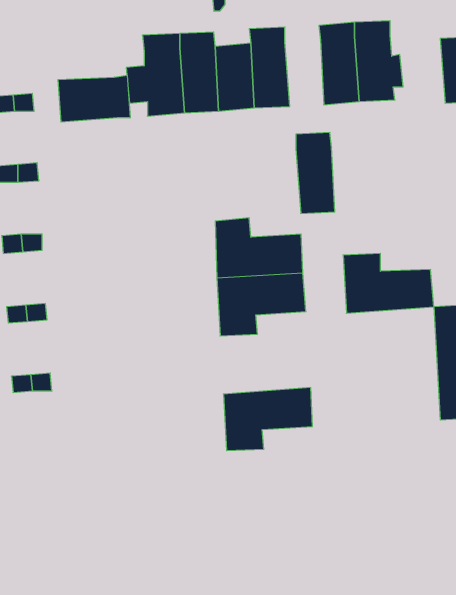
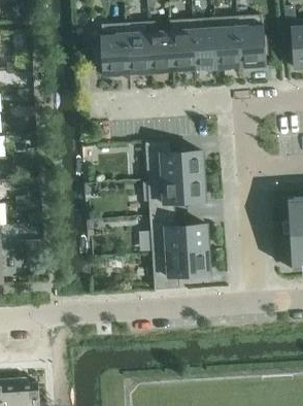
building: [58,75,130,122] -> none
building: [296,133,335,213] -> [193,18,217,69]
building: [343,253,434,313] -> [151,214,209,252]

